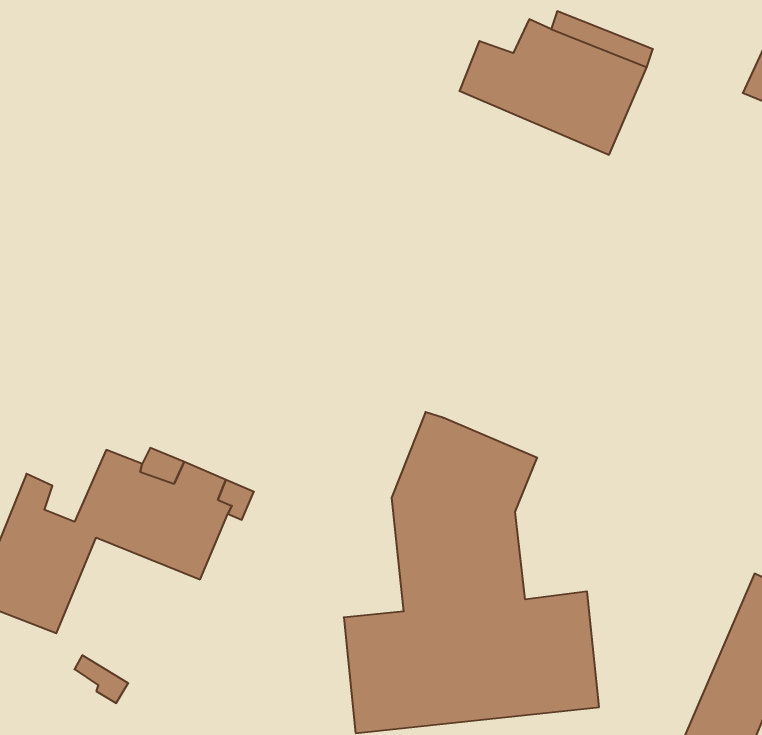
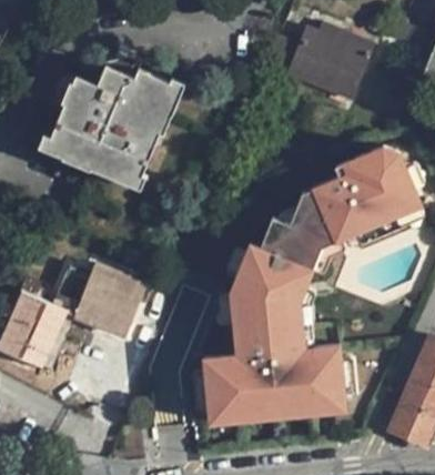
building: none -> [49,68,169,178]
building: none -> [257,142,428,272]

